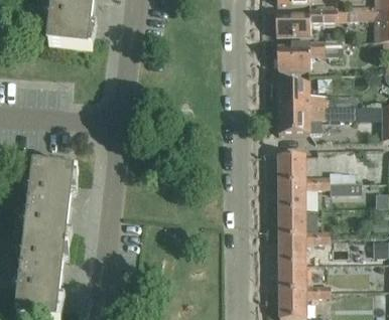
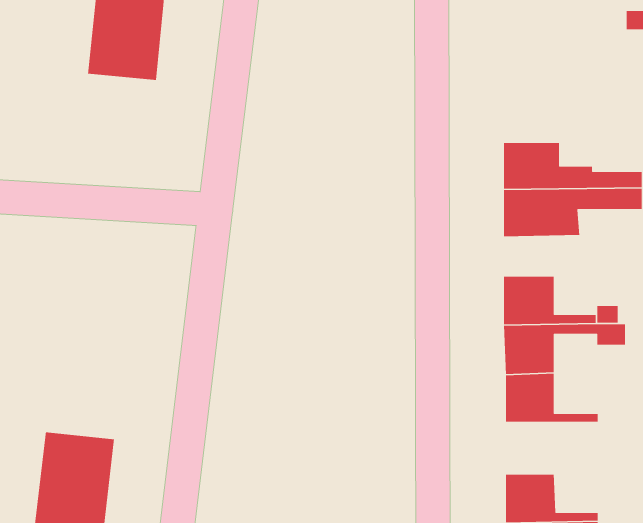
building: [277,10,338,38] -> none
building: [277,42,343,70] -> none
building: [26,166,78,246] -> none
building: [279,236,331,265] -> none

